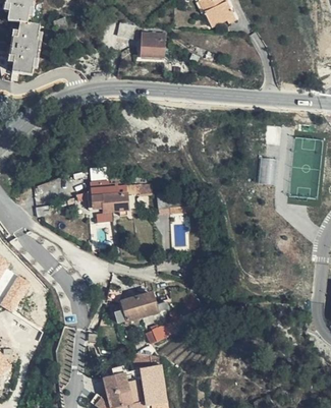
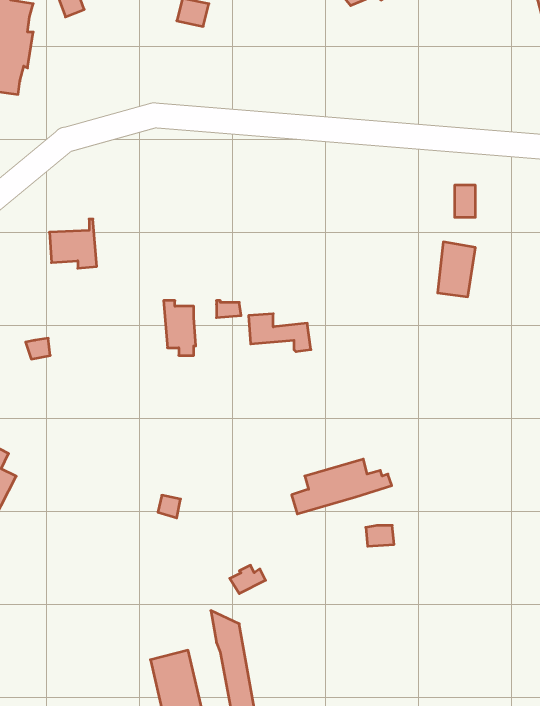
building: [140,33,165,56] -> none
building: [87,184,112,211] -> [49,219,97,268]
building: [114,293,168,323] -> [292,459,392,514]

